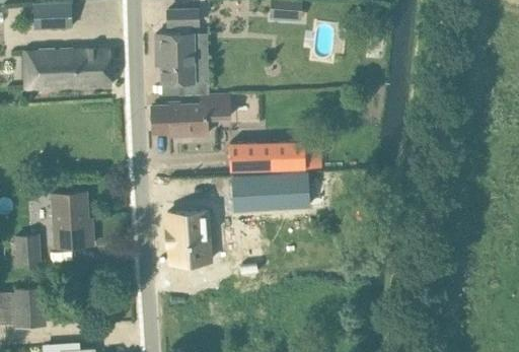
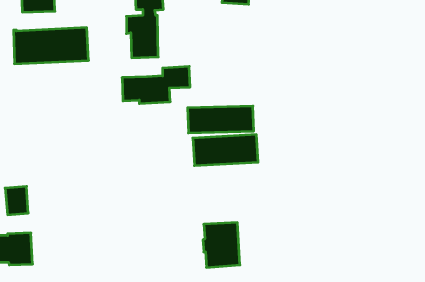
building: [52,192,93,248] -> none
building: [169,212,213,265] -> [203,223,240,267]

